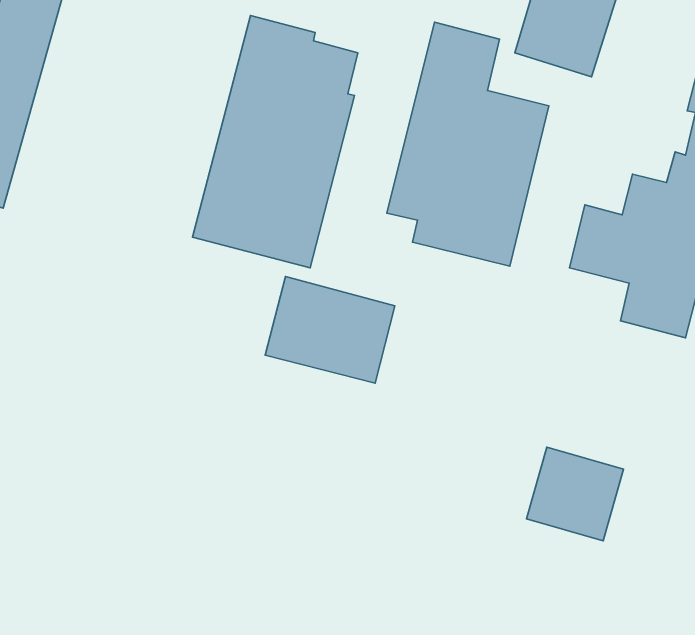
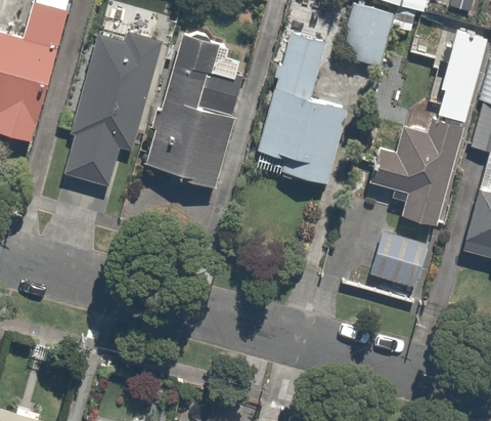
building: none -> [58,35,165,187]
building: [265,277,395,383] -> none
building: [526,447,624,541] -> [369,231,428,288]

